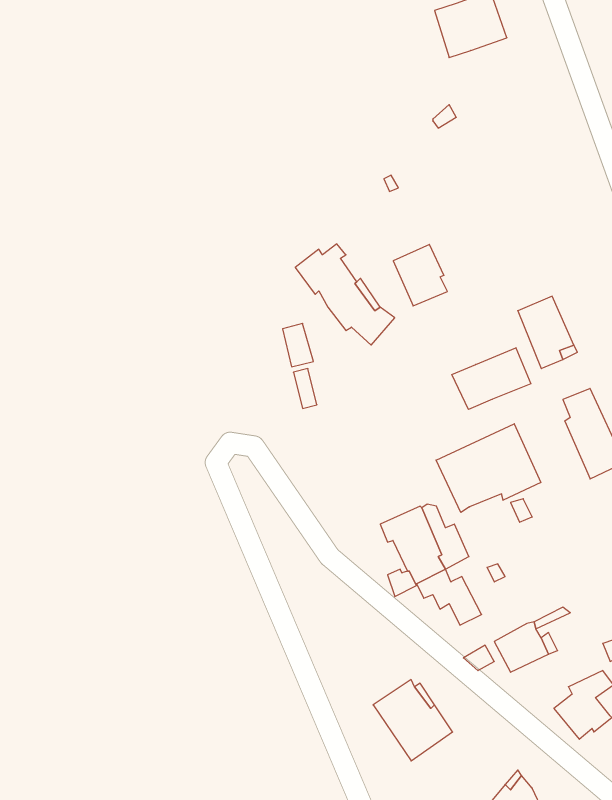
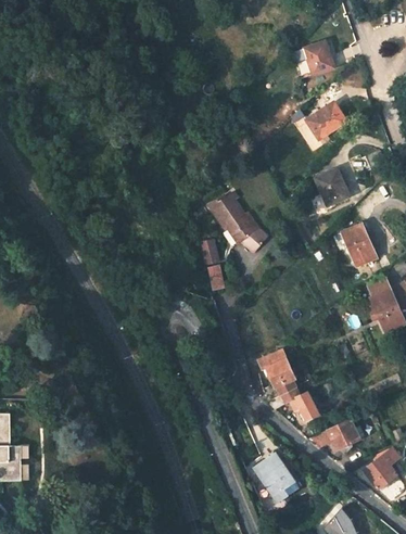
building: none -> [306,102,346,140]
building: [393,244,447,306] -> [315,169,347,206]
building: [452,348,531,409] -> none
building: [436,424,541,512] -> none

